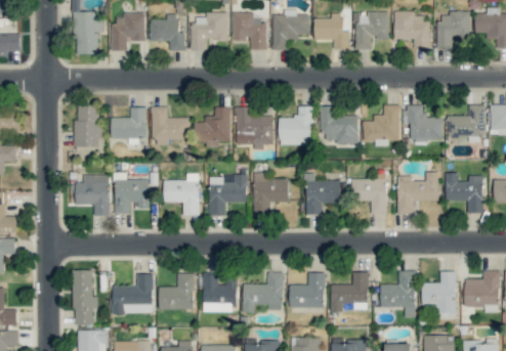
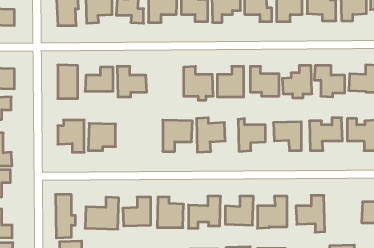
building: [194,106,230,147] -> none
building: [163,174,199,215] -> none
building: [421,271,456,319] -> none

